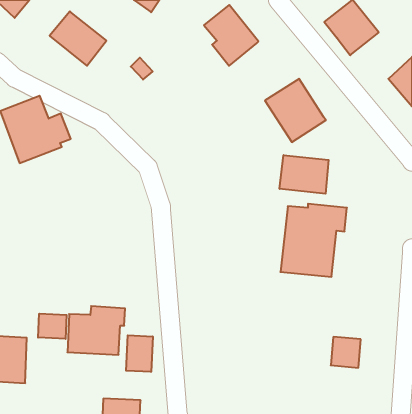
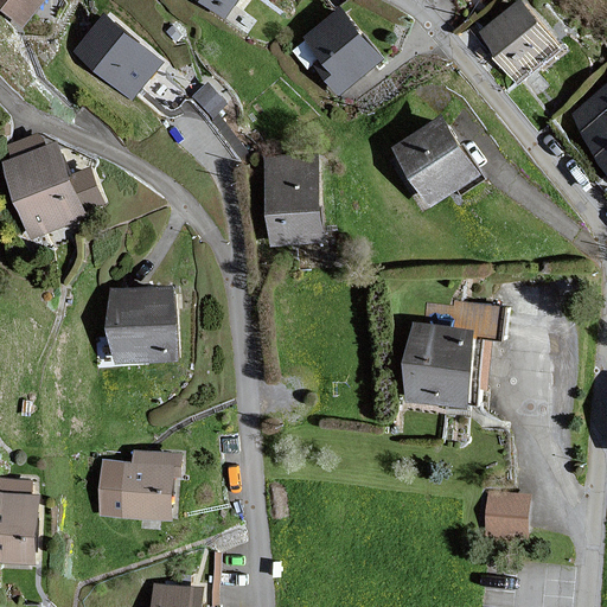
building: none -> [264,154,322,244]
building: [280,155,329,194] -> none
building: none -> [109,285,179,364]
building: [38,314,67,339] -> none
building: [126,335,153,372] -> none

